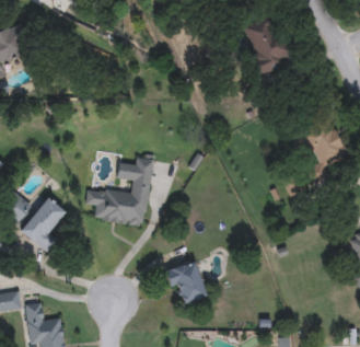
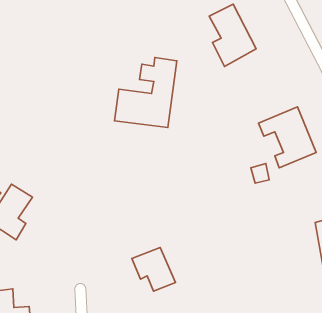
building: [92,155,154,225] -> [114,58,177,127]

